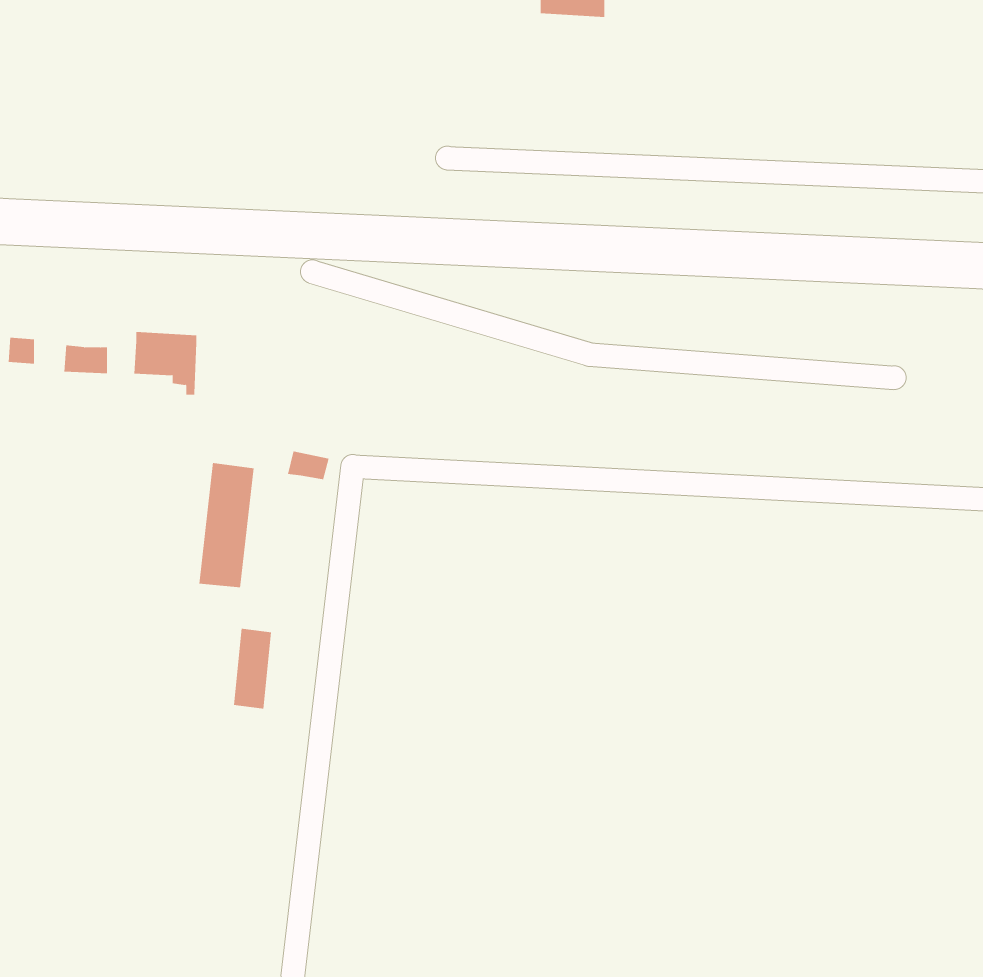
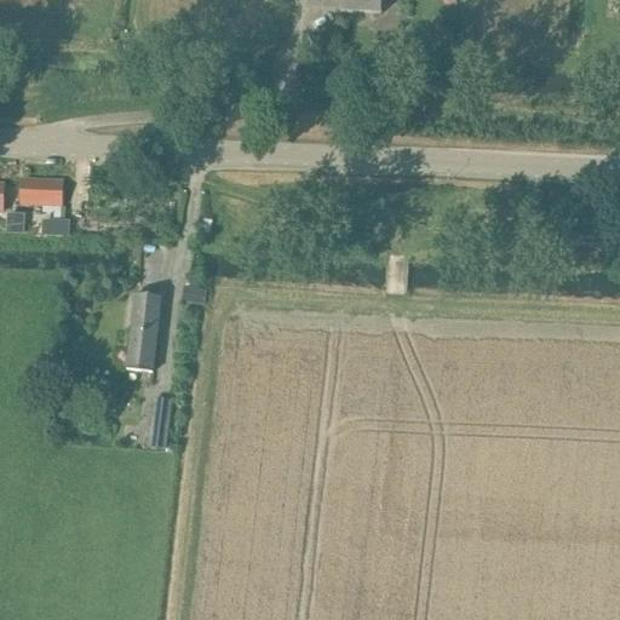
building: [133,331,197,395] -> [22,176,62,216]

